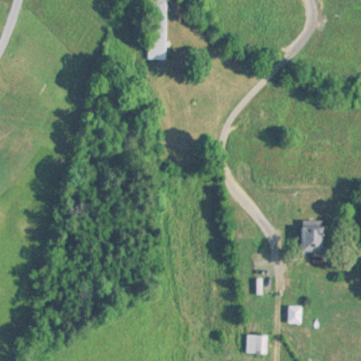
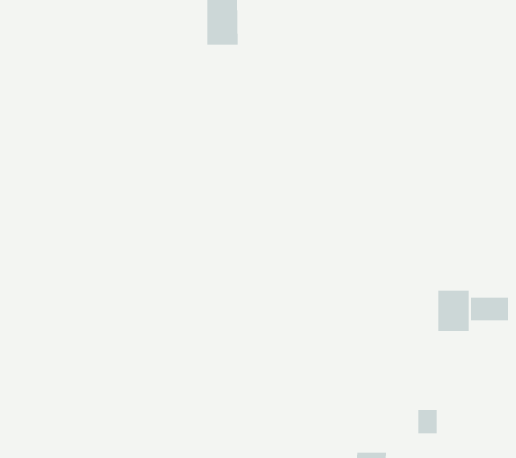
building: none -> [470,297,508,321]

